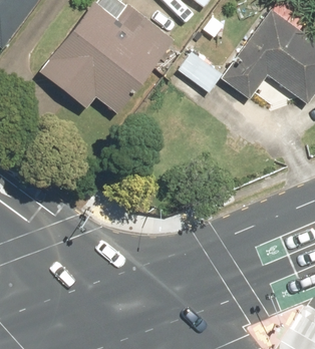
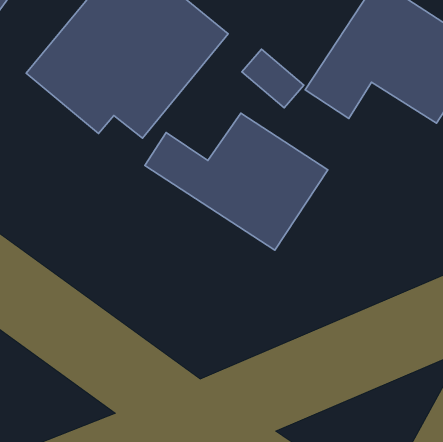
building: none -> [145,113,328,250]

